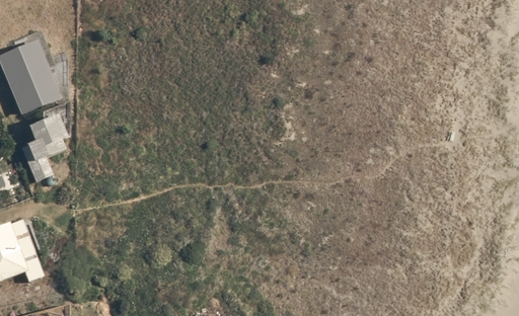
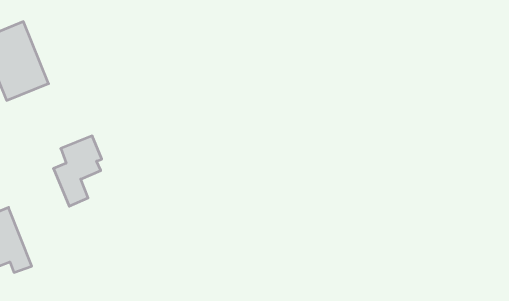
building: [20,114,67,182] -> [53,136,102,206]

